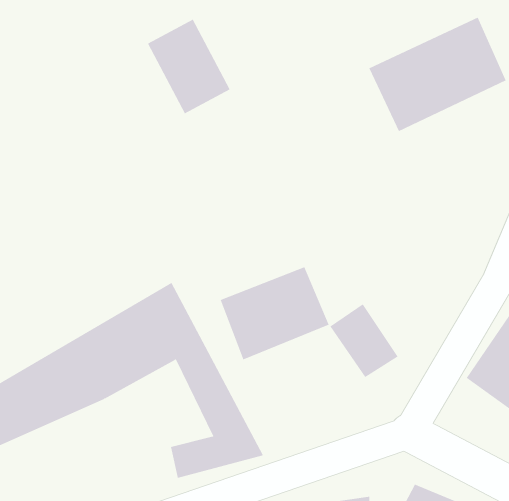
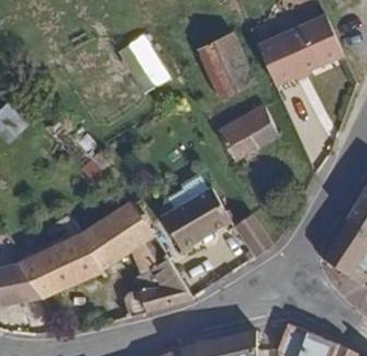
building: none -> [194,35,246,97]
building: none -> [211,110,270,159]

